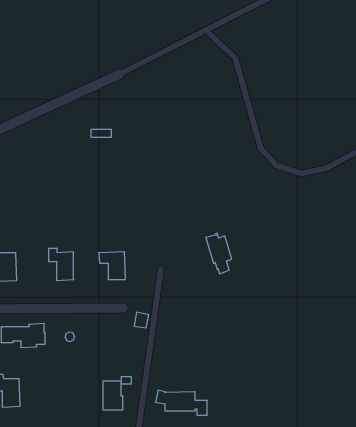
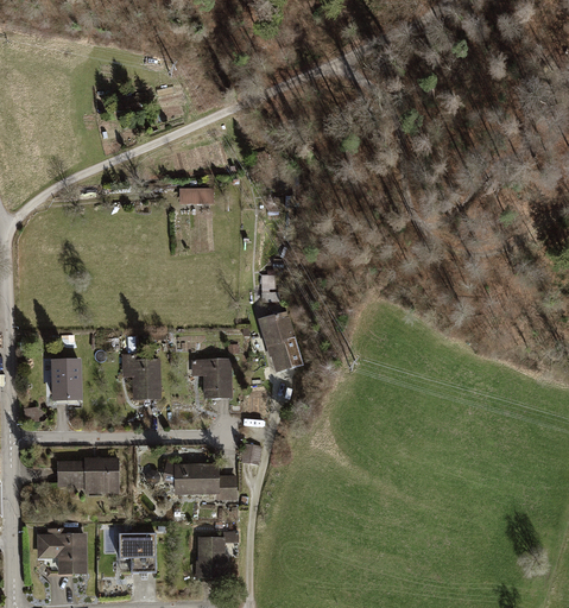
building: [206,233,232,274] -> [261,315,297,370]
building: none -> [119,533,156,572]
building: [155,390,207,415] -> [163,463,234,498]

